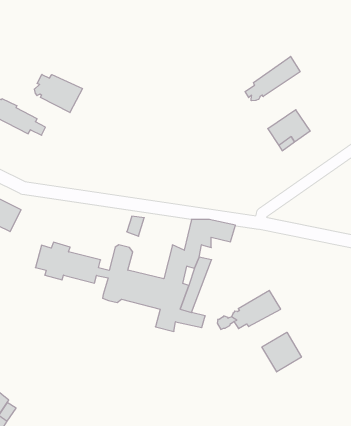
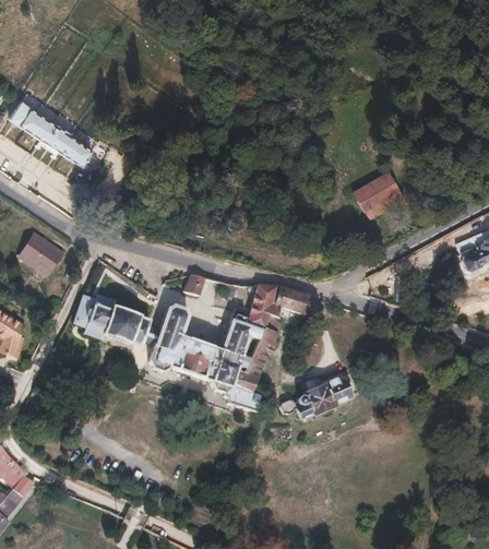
building: [245,56,300,101] -> none
building: [34,74,82,113] -> none
building: [262,332,301,372] -> none

